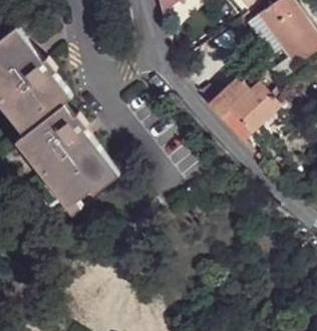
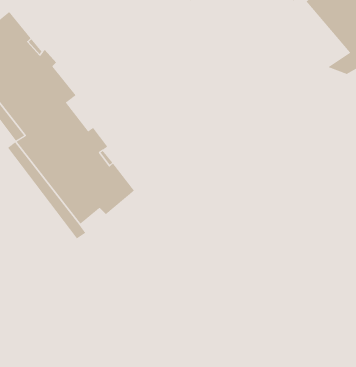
building: [208,70,286,141] -> none

